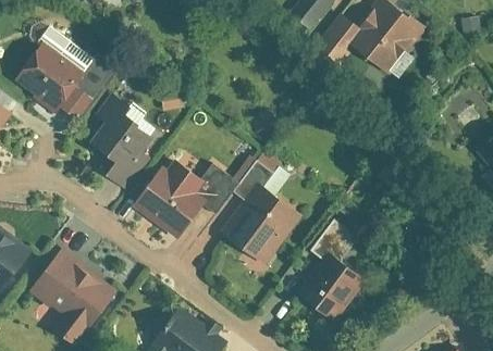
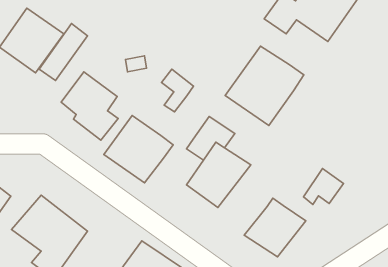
building: none -> [225,46,304,125]
building: [200,167,237,216] -> [161,69,194,112]
building: [311,223,357,264] -> [303,168,343,204]

